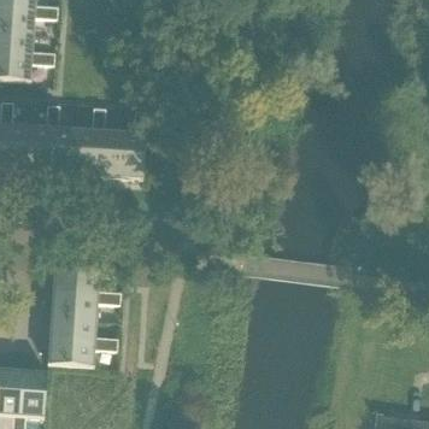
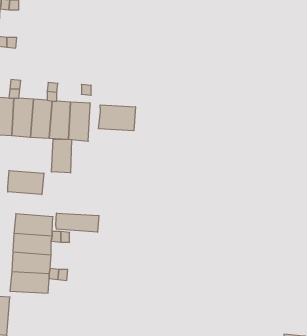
building: none -> [99,105,135,131]
building: none -> [51,139,71,173]
building: none -> [8,170,44,195]
building: none -> [56,213,99,232]

